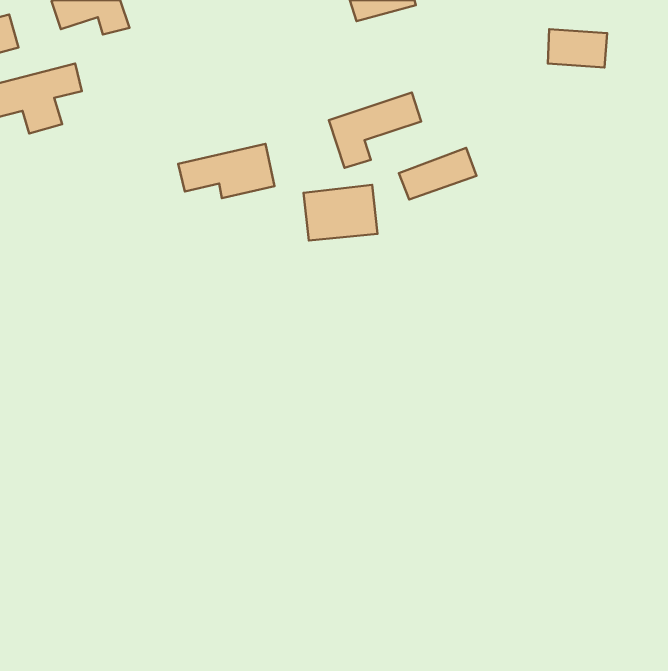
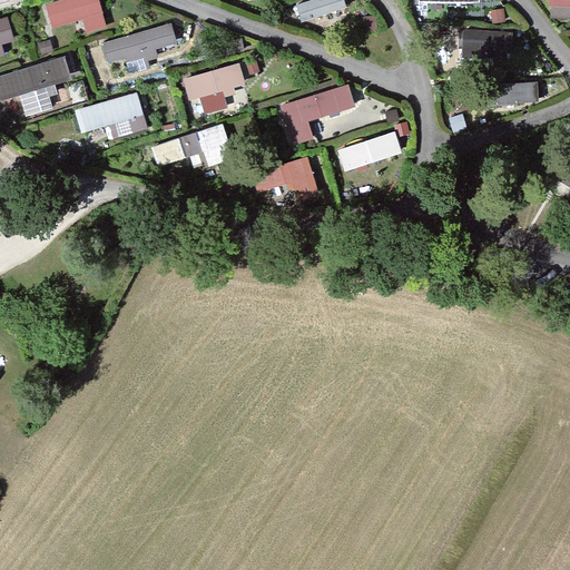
building: none -> [102,22,178,67]
building: none -> [186,61,243,115]
building: none -> [498,81,542,106]
building: none -> [73,91,149,136]

